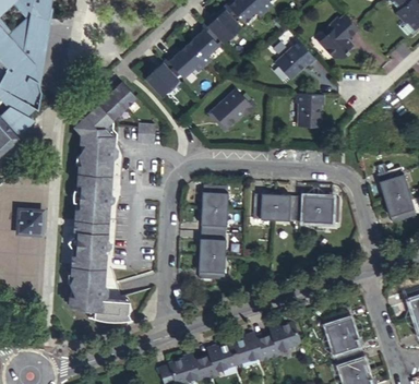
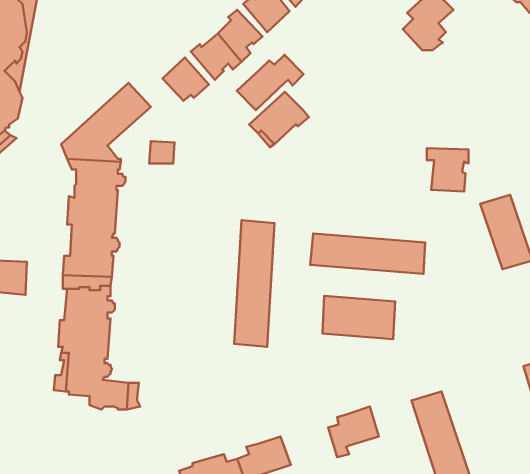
building: [275,37,314,79] -> none
building: none -> [237,55,304,110]
building: [294,95,324,127] -> [427,148,469,191]
building: none -> [323,296,395,339]
building: [231,333,273,362] -> none

